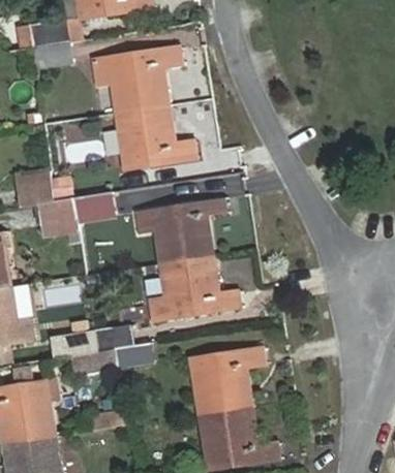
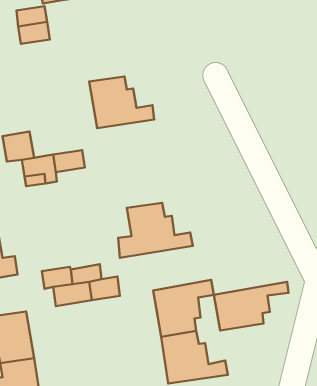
building: [110,46,181,113] -> none
building: [141,196,226,261] -> none
building: none -> [214,282,288,331]

